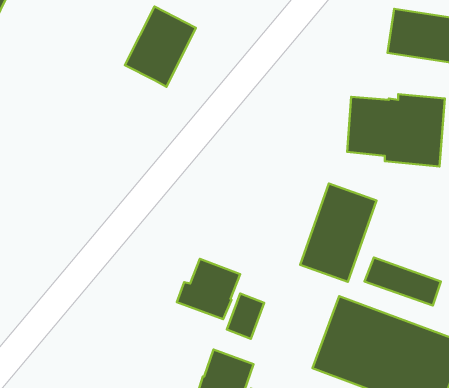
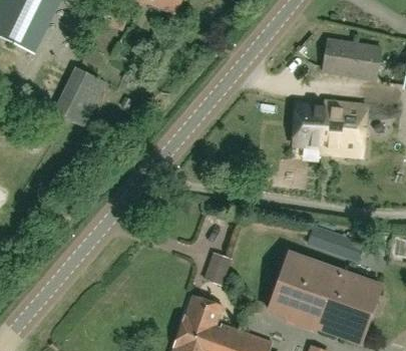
building: [125,6,196,87] -> [53,66,106,126]
building: [300,184,377,282] -> none
building: [177,259,240,319] -> none

